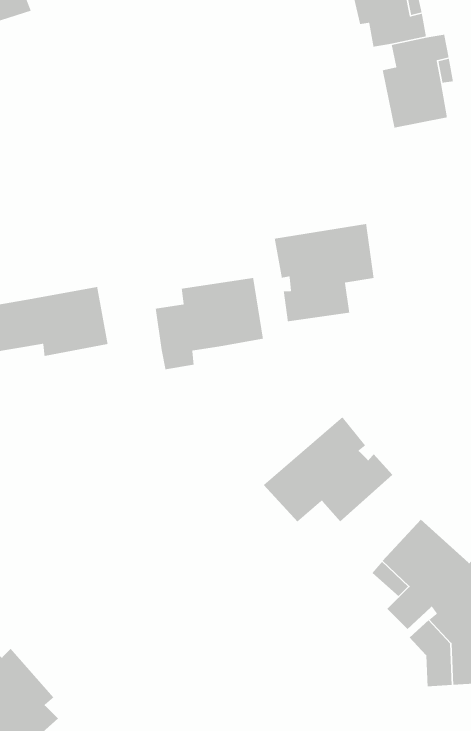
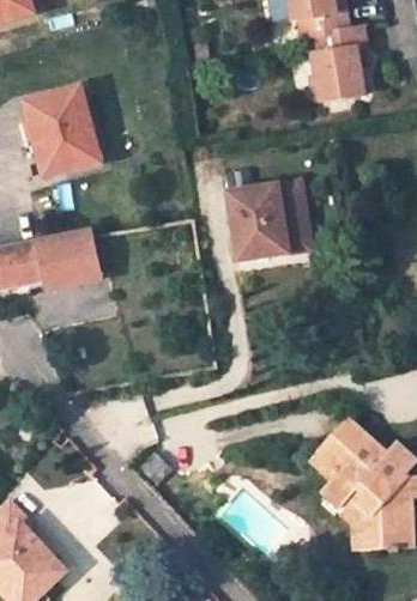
building: none -> [26,87,102,176]
building: [155,277,264,370] -> none
building: [263,416,393,522] -> none

